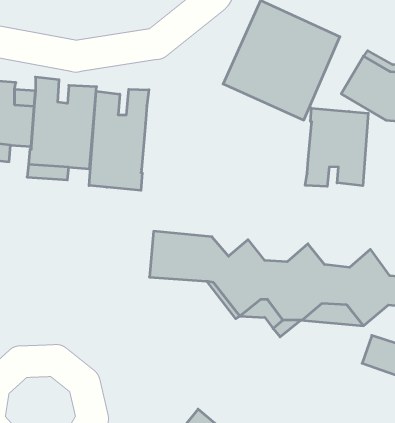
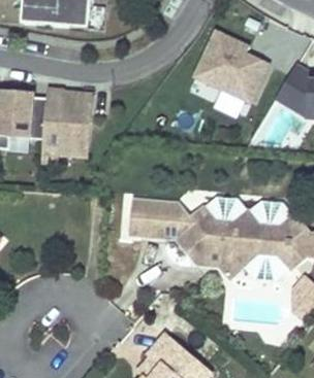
building: [89,89,149,190] -> none
building: [305,108,368,186] -> none

